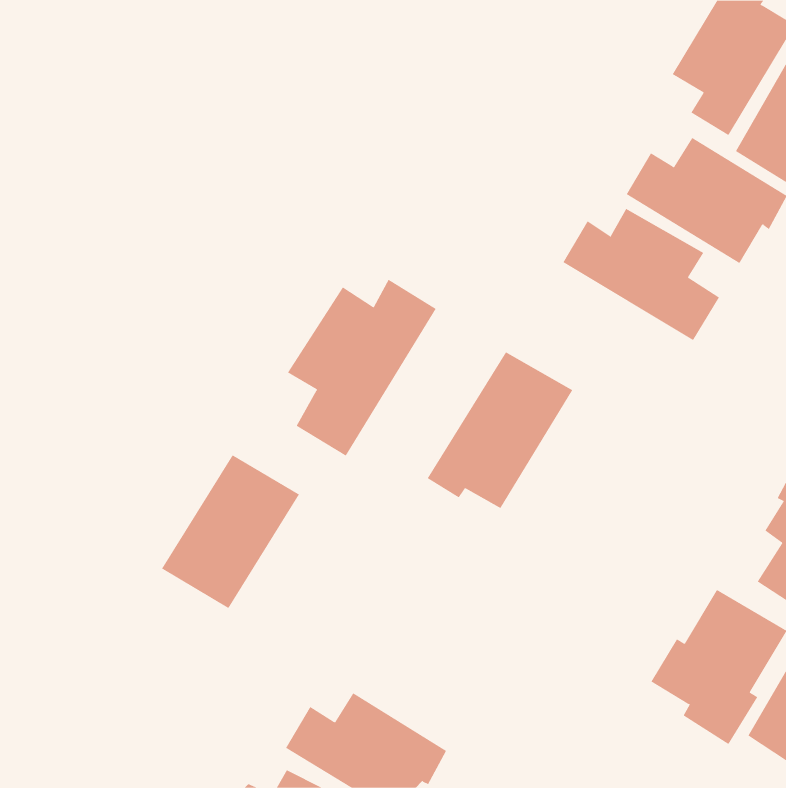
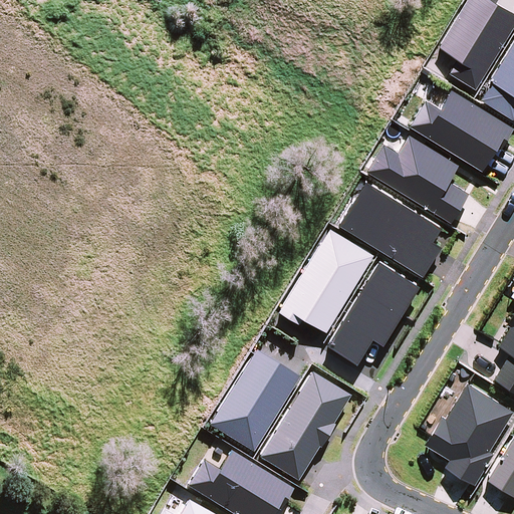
building: none -> [340,181,442,276]
building: [287,279,436,457] -> none
building: none -> [327,261,421,364]
building: [161,454,300,609] -> [209,351,299,452]
building: none -> [258,372,350,481]

